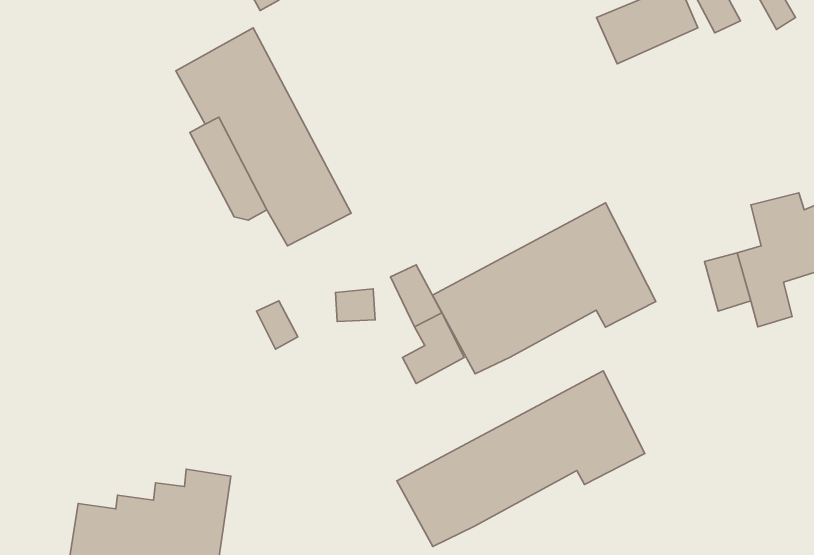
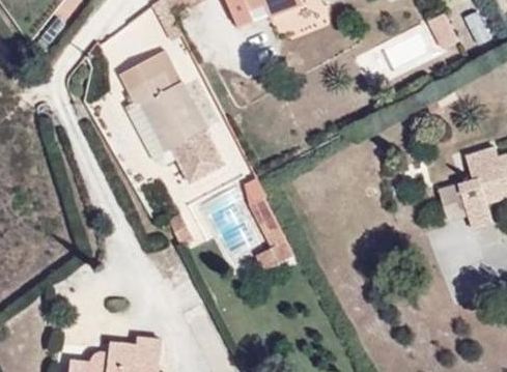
building: [433,203,656,374] -> none
building: [397,371,645,547] -> none

